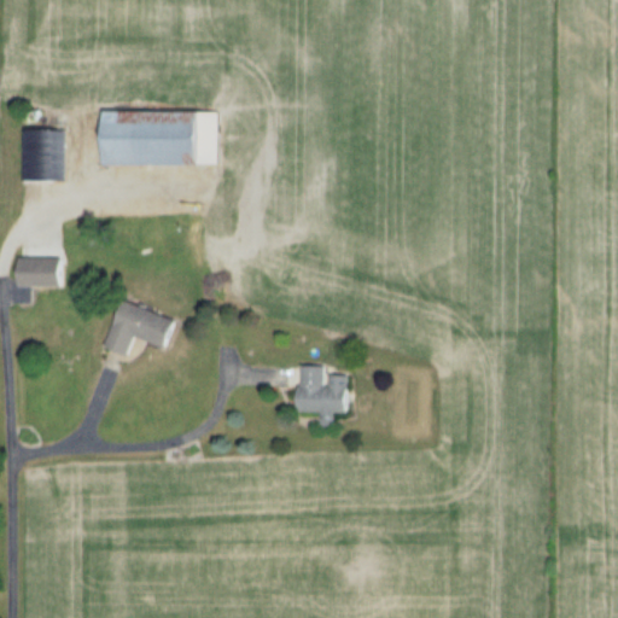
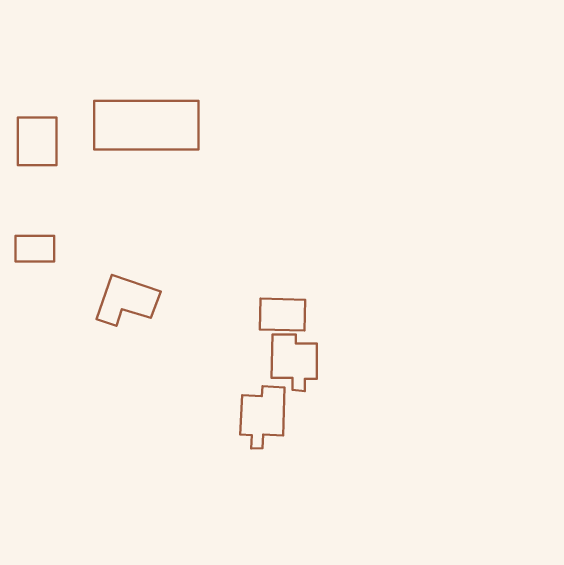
building: none -> [260,299,305,331]
building: none -> [240,386,284,449]

